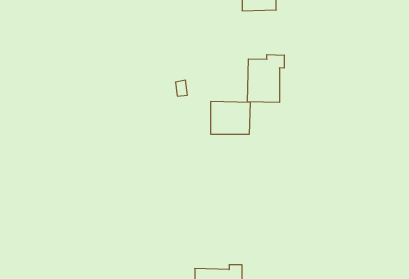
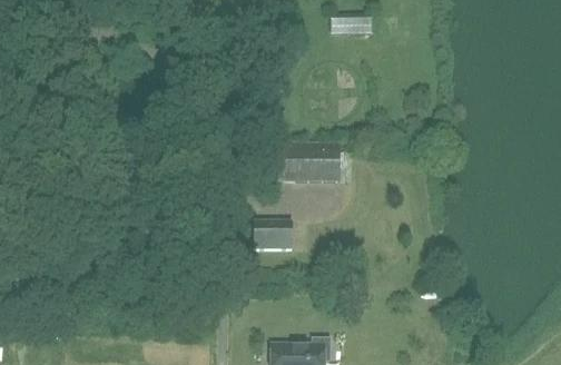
building: [248,55,284,102] -> none
building: none -> [252,220,292,249]

